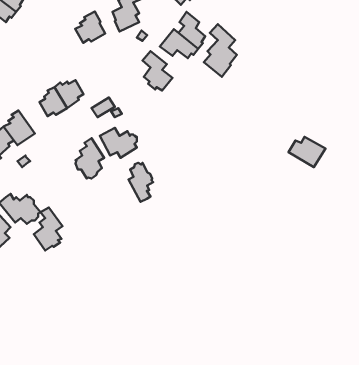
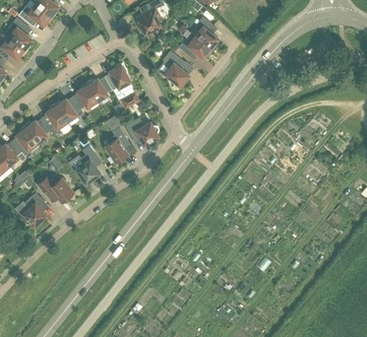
building: [75,12,105,43] -> [104,61,130,88]
building: [204,24,237,77] -> none
building: none -> [54,95,82,123]
building: [129,163,153,202] -> none
building: [34,208,63,250] -> [75,145,101,183]

